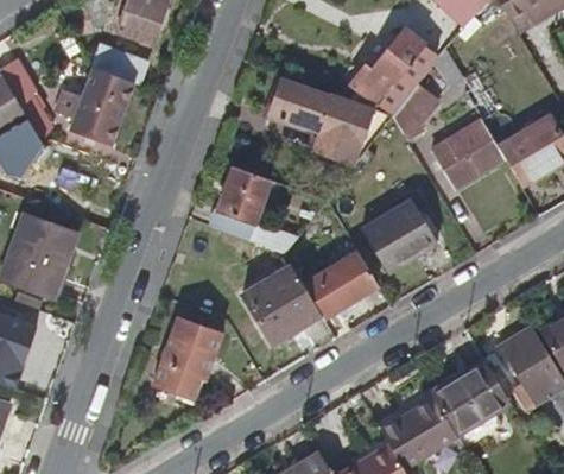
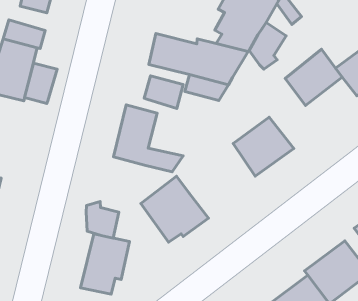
building: none -> [25,63,57,104]
building: none -> [144,76,183,109]
building: [302,248,378,315] -> none
building: none -> [86,201,119,238]

